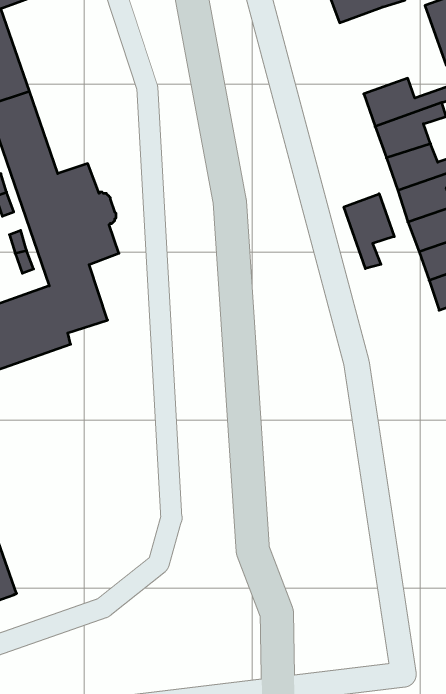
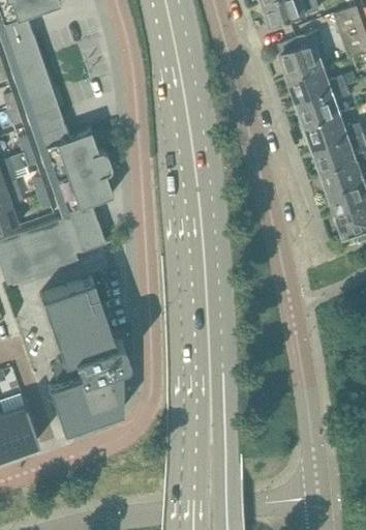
building: none -> [279,32,325,80]
building: [344,194,394,269] -> none
building: none -> [39,278,127,434]

